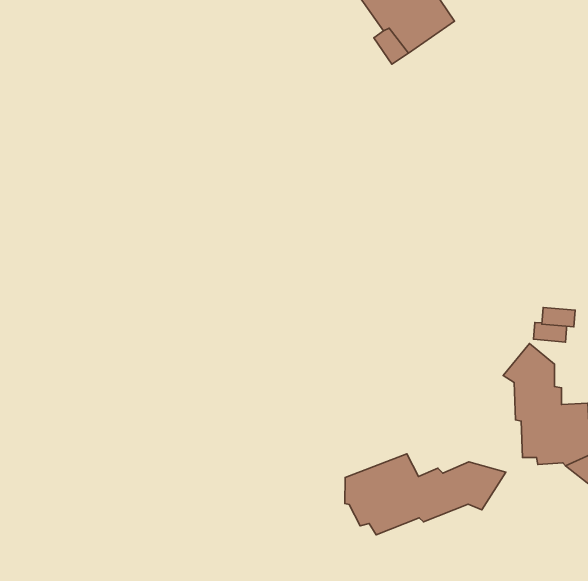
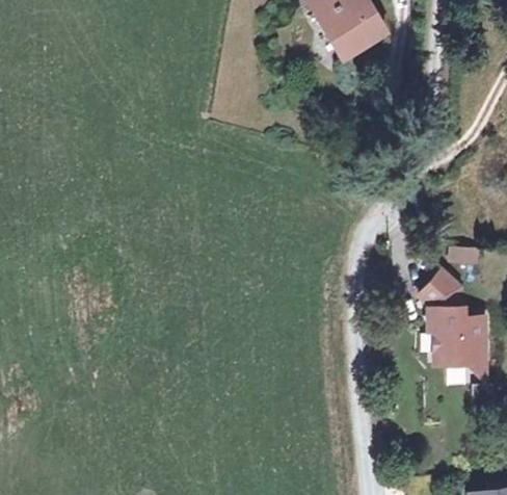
building: [345,454,506,535] -> none

